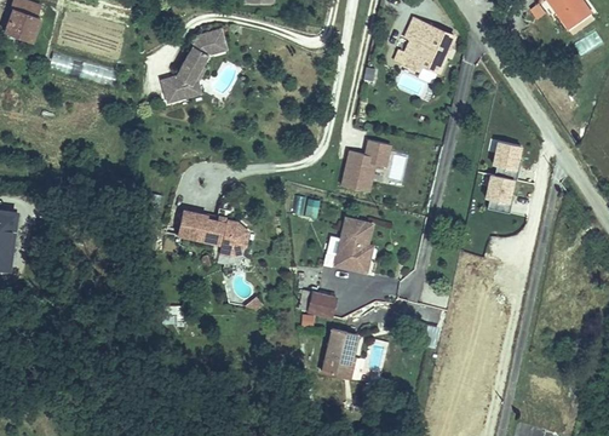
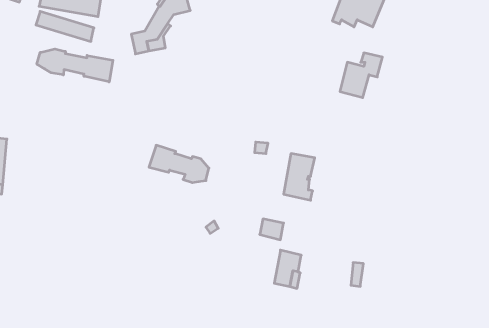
building: none -> [37,49,113,82]
building: [341,140,391,193] -> [340,53,382,98]
building: [488,140,521,173] -> none
building: [481,174,513,212] -> none

